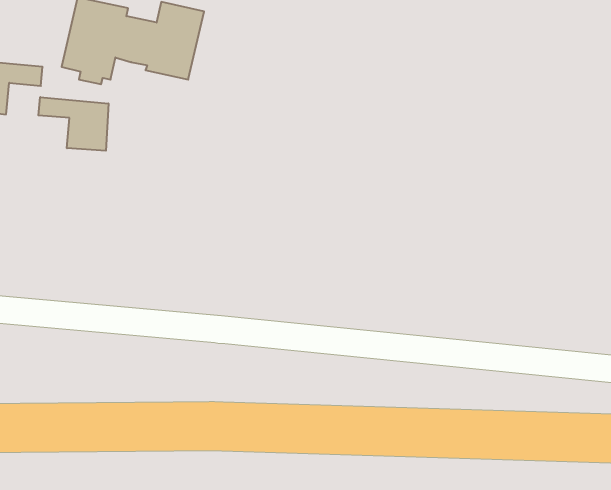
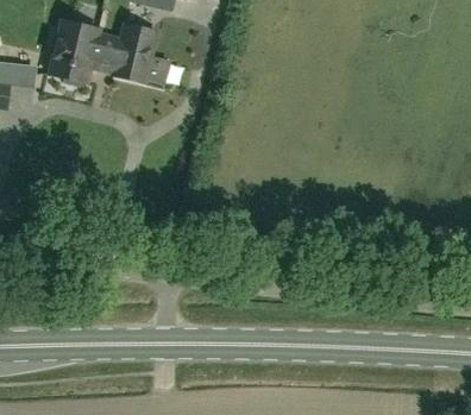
building: [38,97,108,151] -> none

